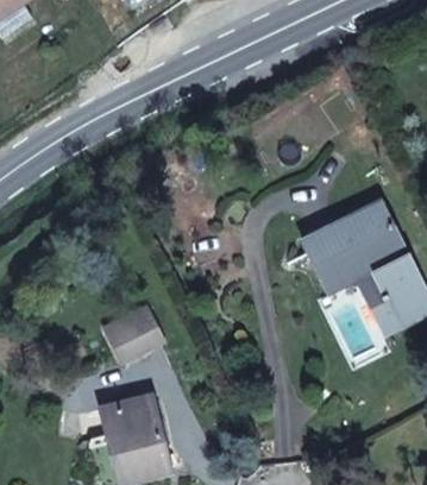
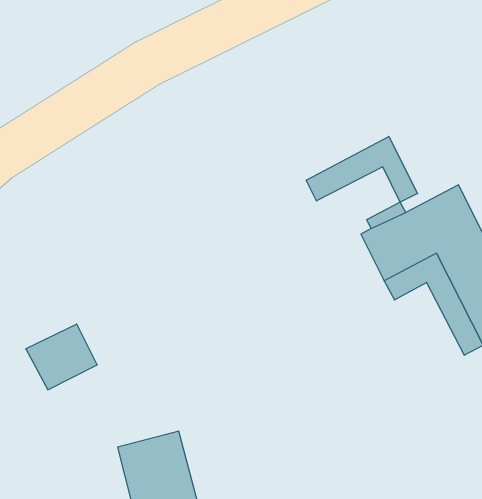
building: none -> [306,136,418,202]
building: [103,306,162,359] -> [26,324,97,390]

